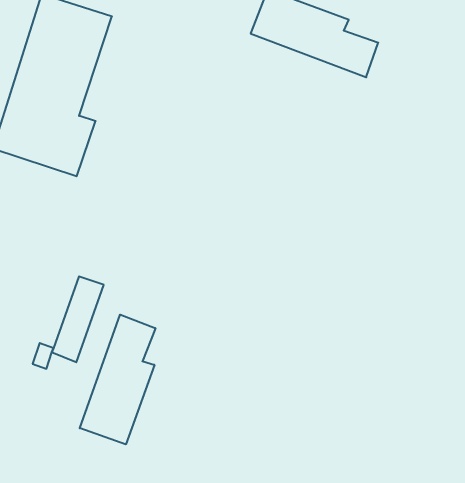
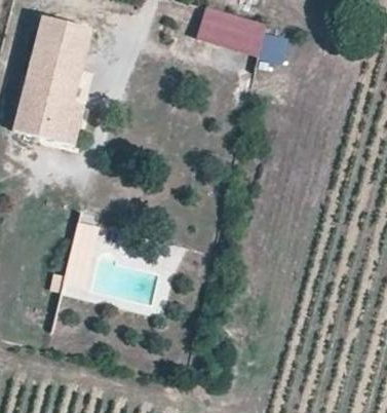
building: [80,315,155,444] -> none

